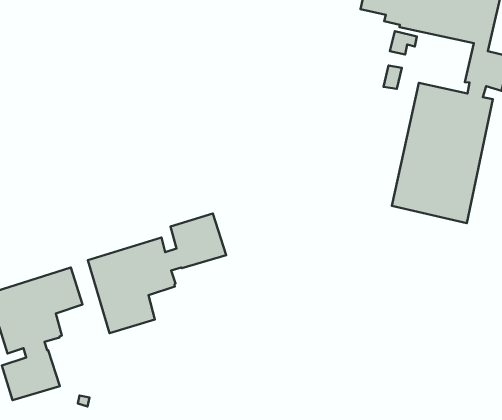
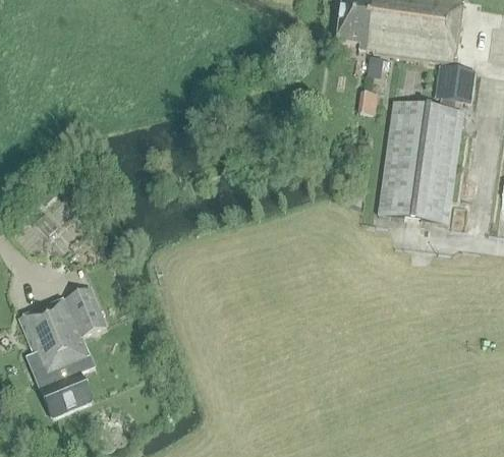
building: [88,214,226,333] -> none

